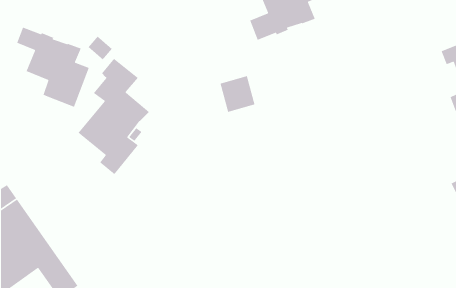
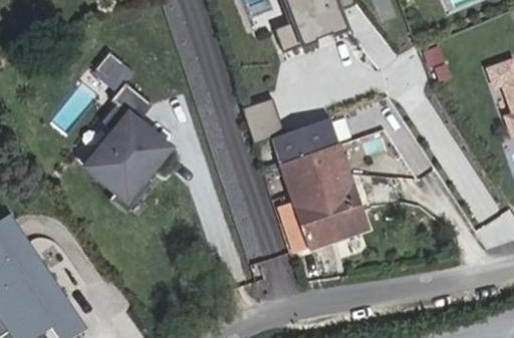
building: [16,26,90,108] -> none
building: none -> [268,119,363,248]

